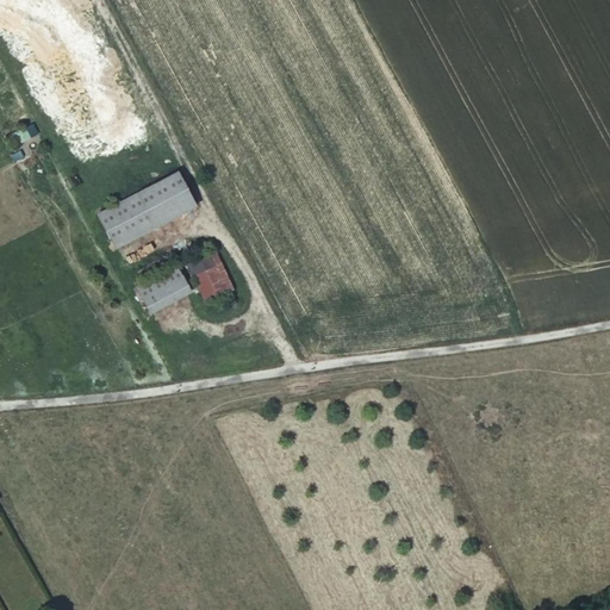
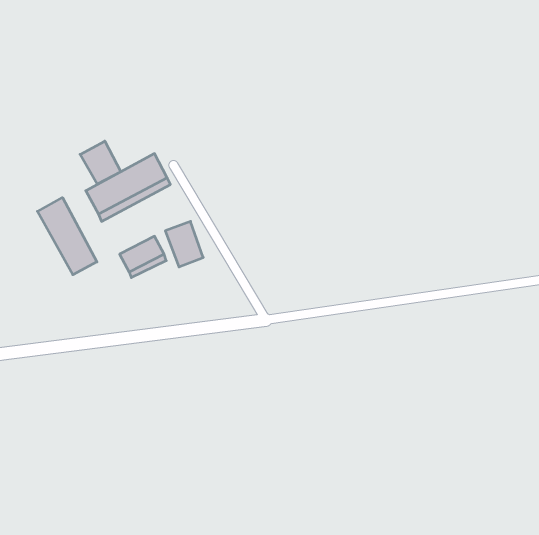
building: none -> [80,141,121,184]
building: none -> [37,198,97,275]

